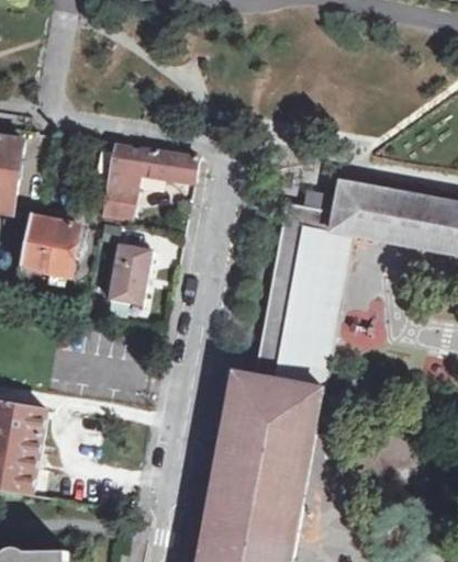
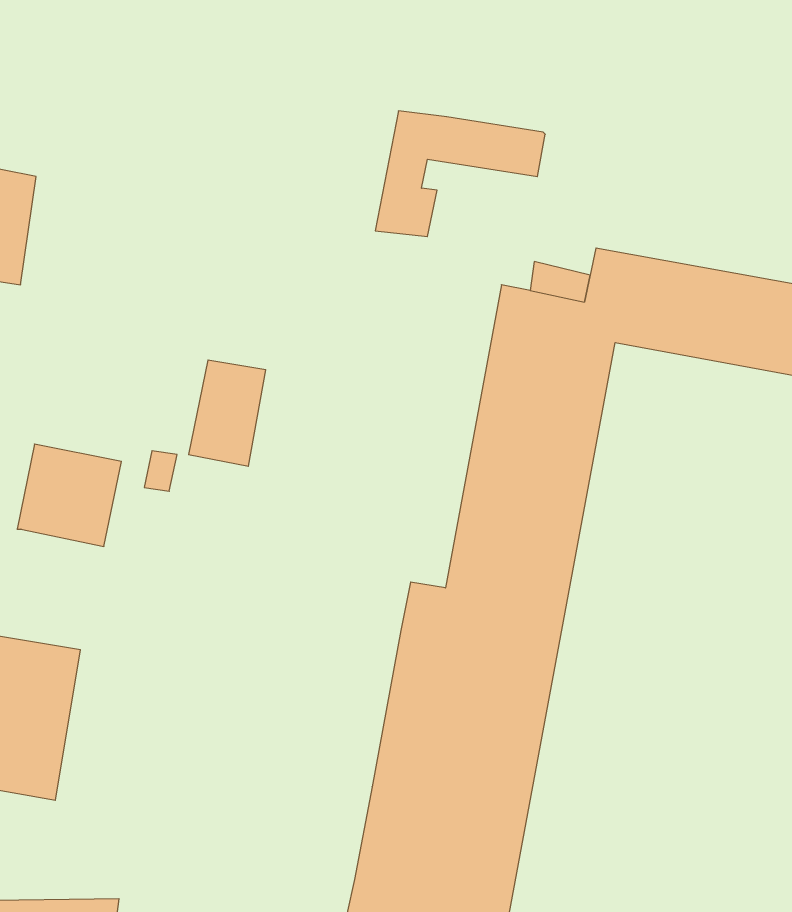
building: [102,145,199,216] -> [375,111,545,237]
building: [22,217,81,276] -> [17,444,121,546]

